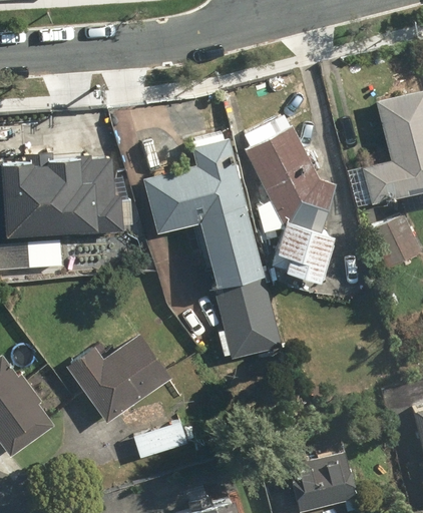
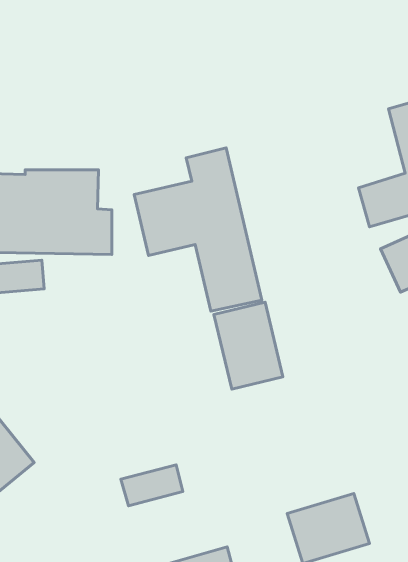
building: [245,110,334,281] -> none
building: [64,336,169,424] -> none

